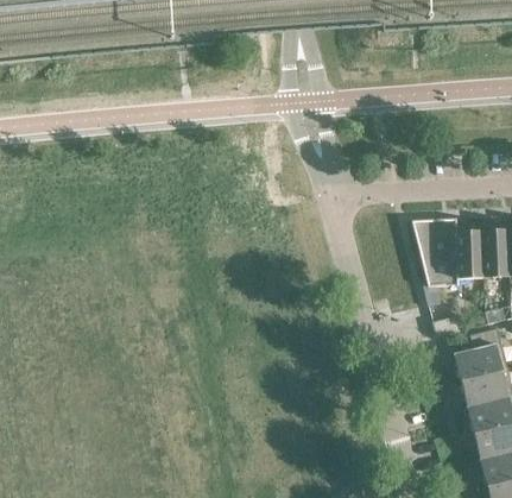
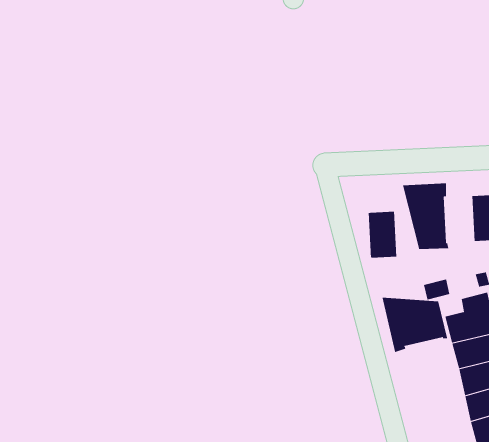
building: [454,232,483,279] -> [368,211,397,258]
building: none -> [382,297,448,353]

